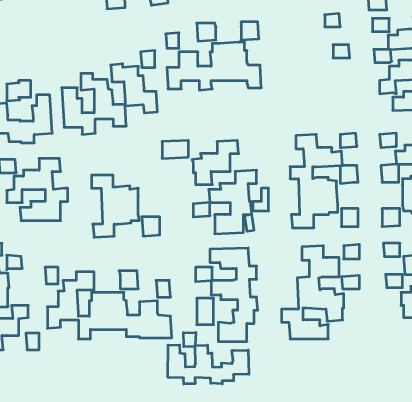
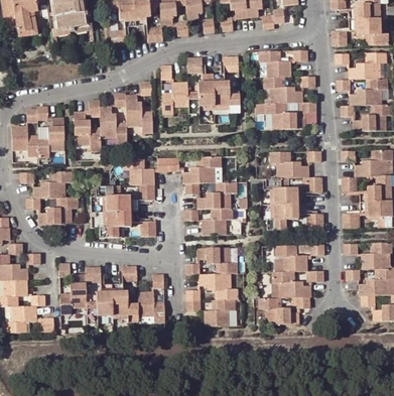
building: none -> [259,50,315,129]
building: none -> [123,158,154,200]
building: [168,332,249,384] -> none

